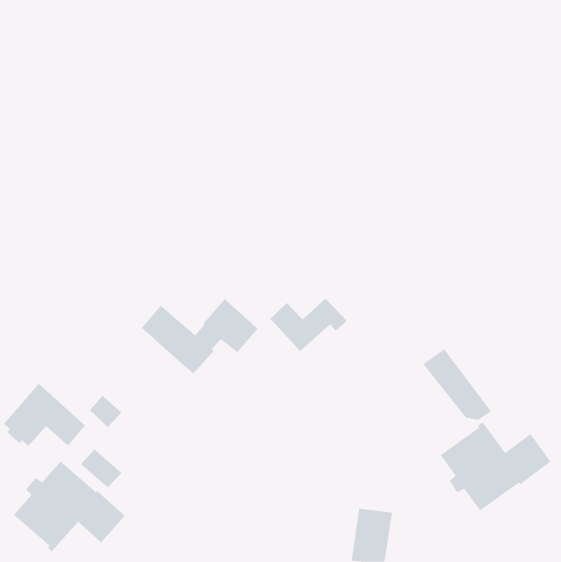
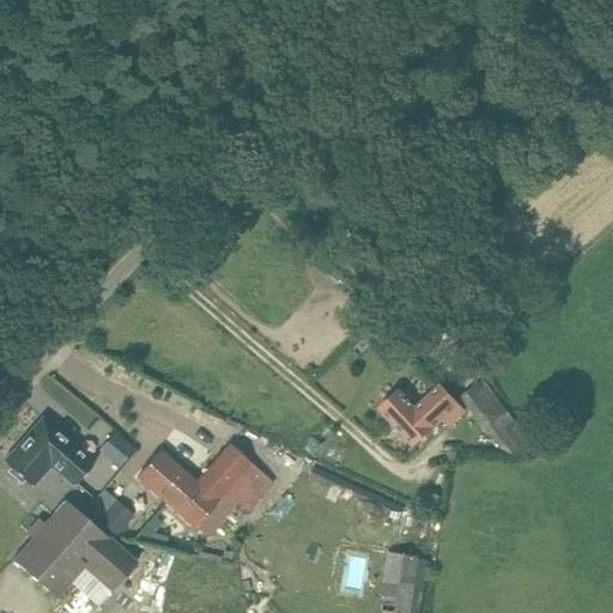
building: [269,298,347,352] -> [381,386,466,444]
building: [141,298,259,374] -> [139,444,267,527]
building: [440,421,551,511] -> none

